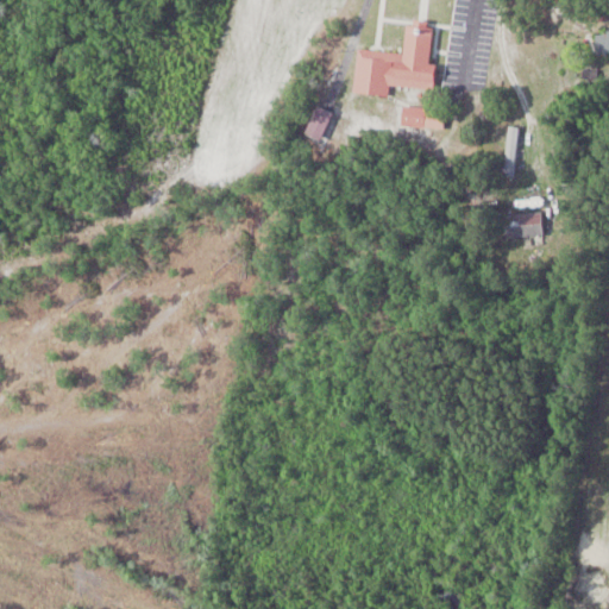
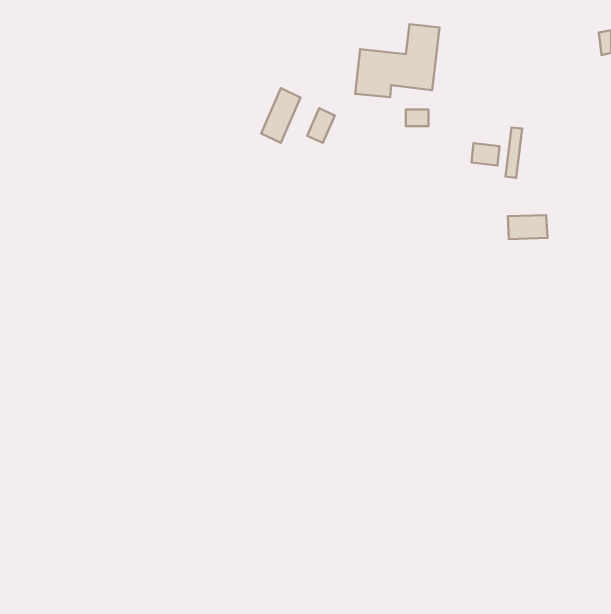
building: none -> [261,88,300,143]
building: none -> [471,143,500,166]

